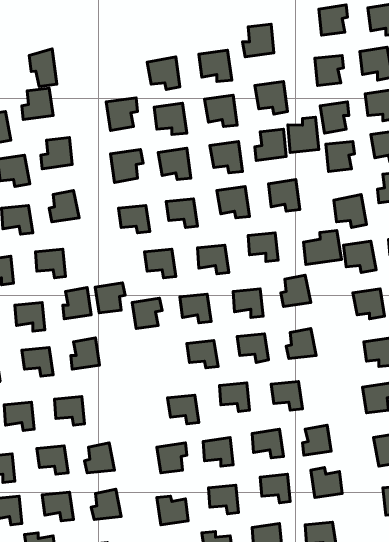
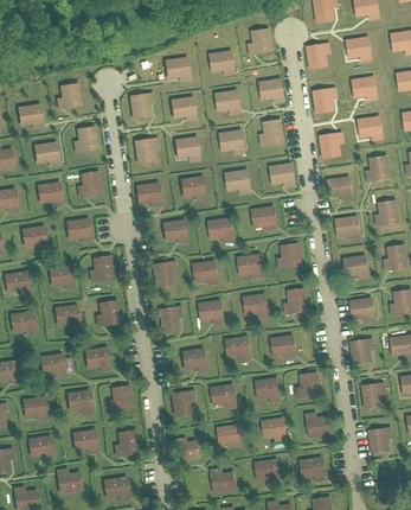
building: [29,49,57,87] -> none
building: [288,117,319,152] -> none
building: [304,231,341,265] -> none
building: [95,283,125,313] -> [156,307,182,333]

